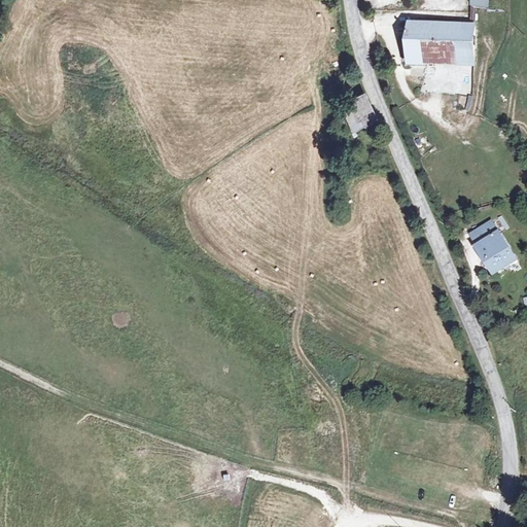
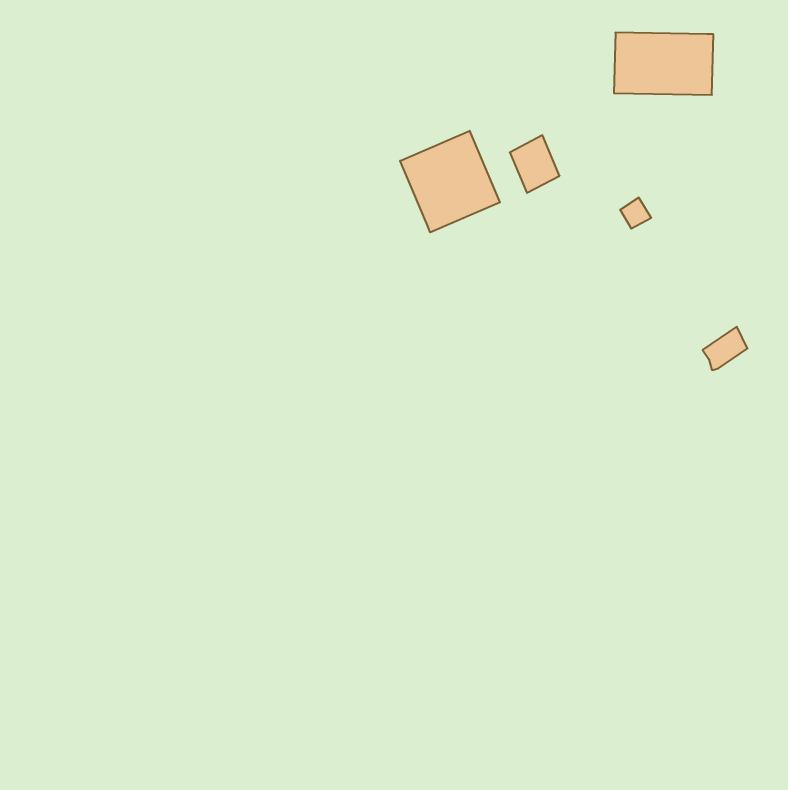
building: none -> [400,131,500,232]
building: [471,231,514,272] -> none

